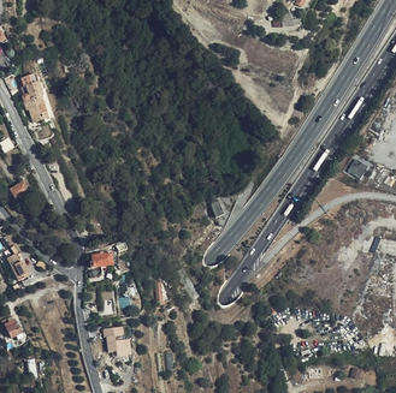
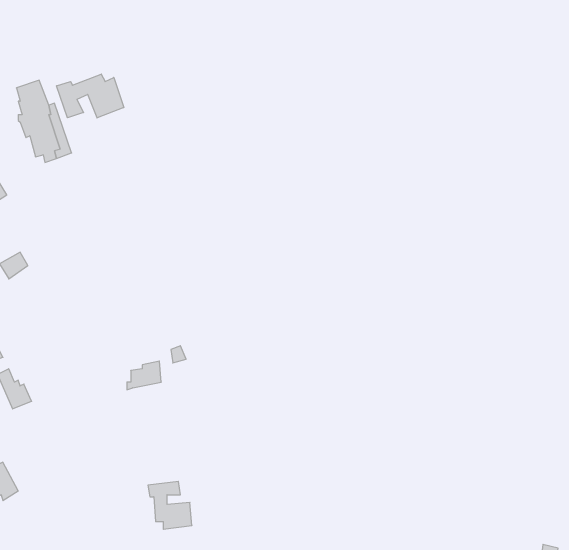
building: none -> [57,74,124,118]

